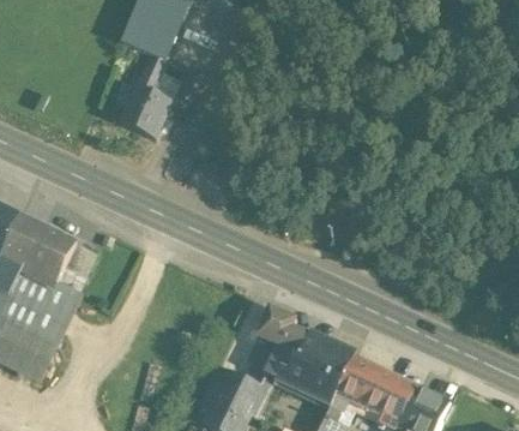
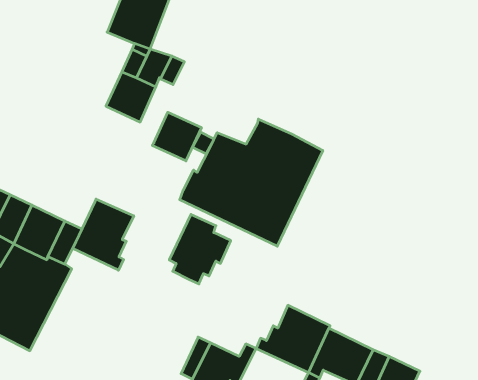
building: none -> [152,112,201,161]
building: none -> [180,119,323,246]
building: none -> [73,199,134,270]
building: [245,307,309,381] -> [169,214,231,284]

